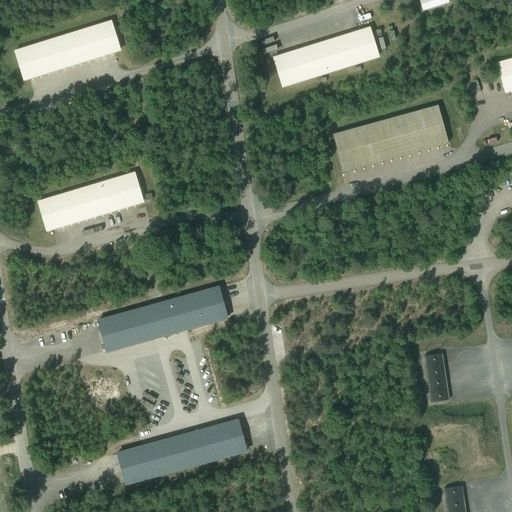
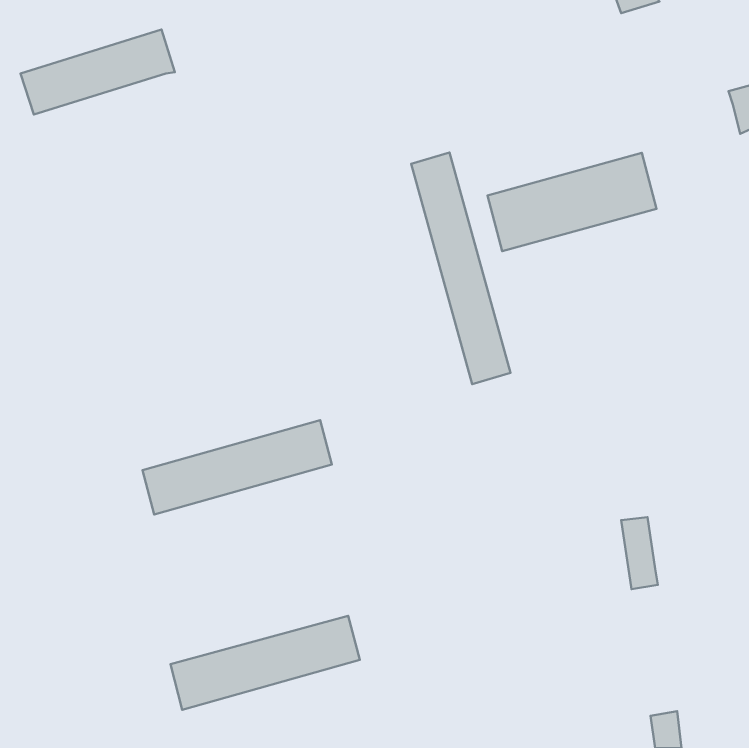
building: [274,27,378,85] -> none
building: none -> [411,152,510,384]
building: [38,172,143,229] -> none

